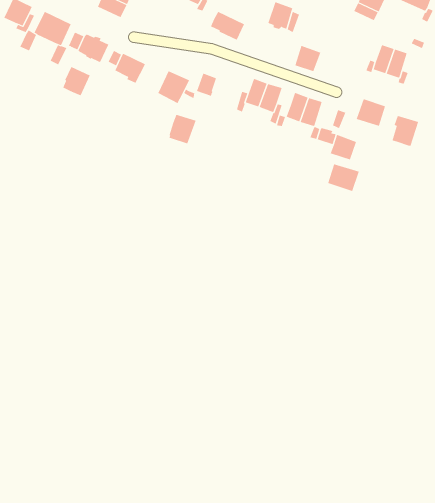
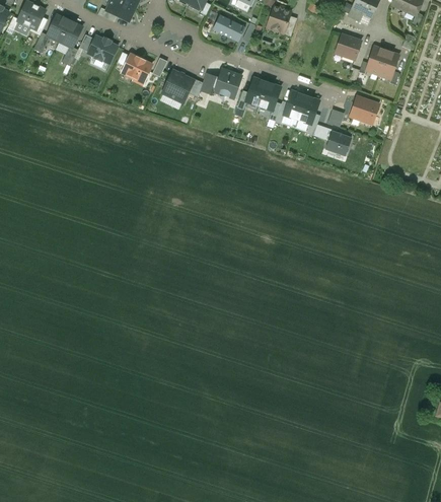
building: [294,45,321,72] -> [336,33,361,59]
building: [62,66,91,96] -> none
building: [168,114,196,144] -> [215,69,241,97]
building: [392,115,419,147] -> none
building: [328,163,359,192] -> none

